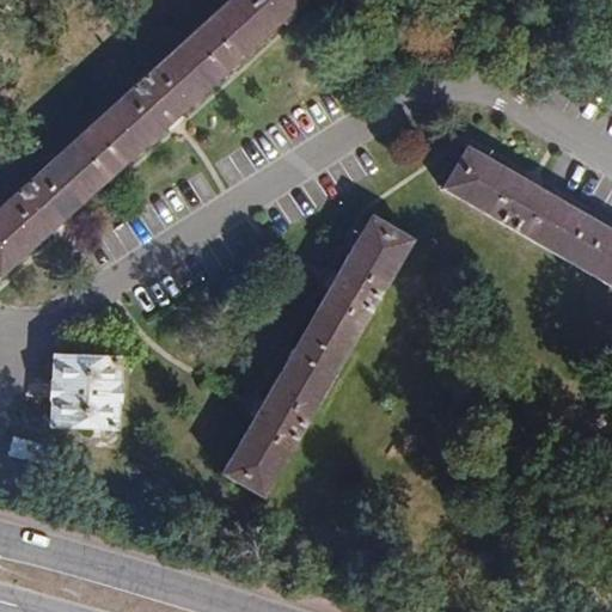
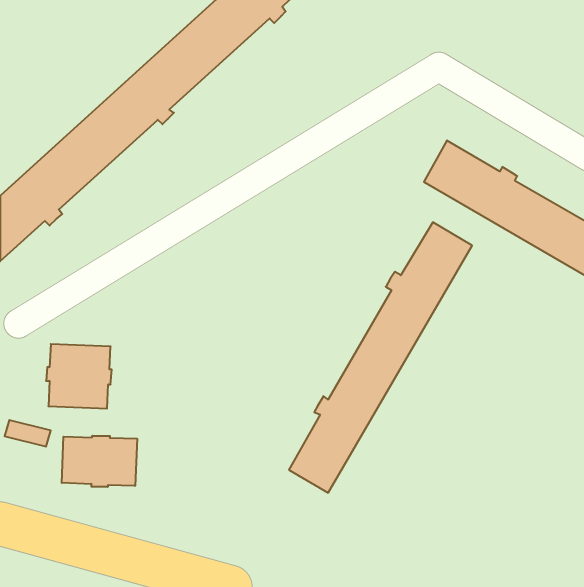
building: [224,216,414,497] -> [289,222,472,493]
building: none -> [62,436,137,487]

